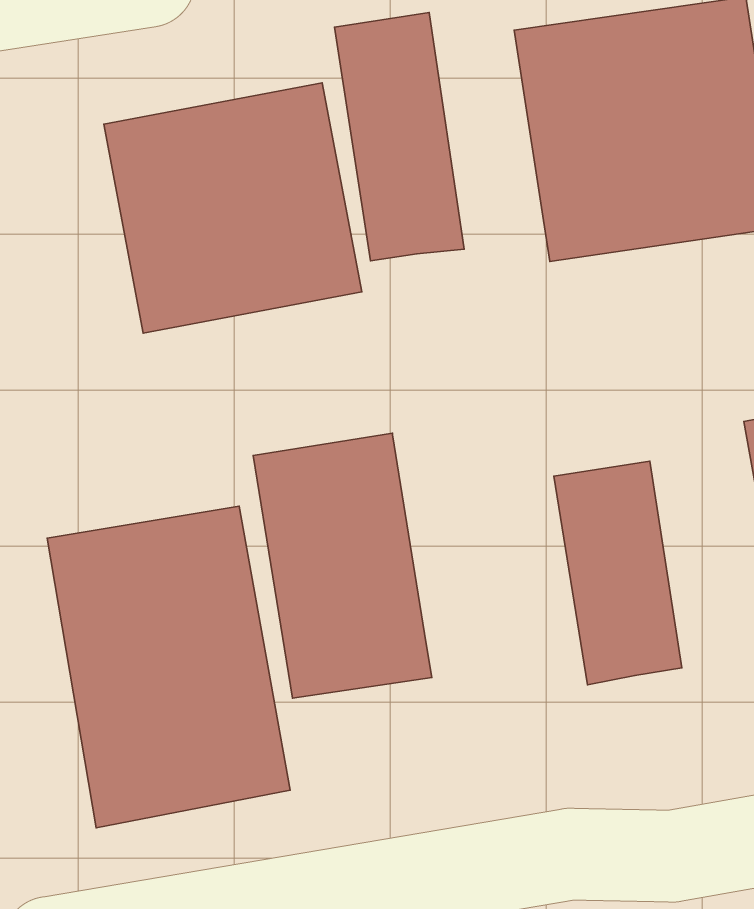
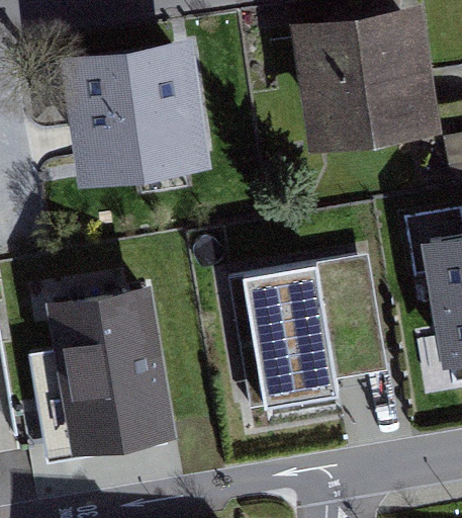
building: [334,13,464,261] -> none
building: [253,433,432,698] -> [242,265,338,408]

